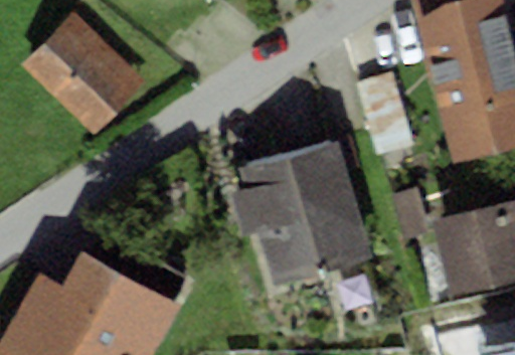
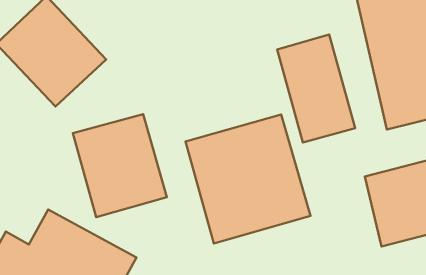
building: none -> [277,34,355,143]
building: none -> [73,114,167,217]

